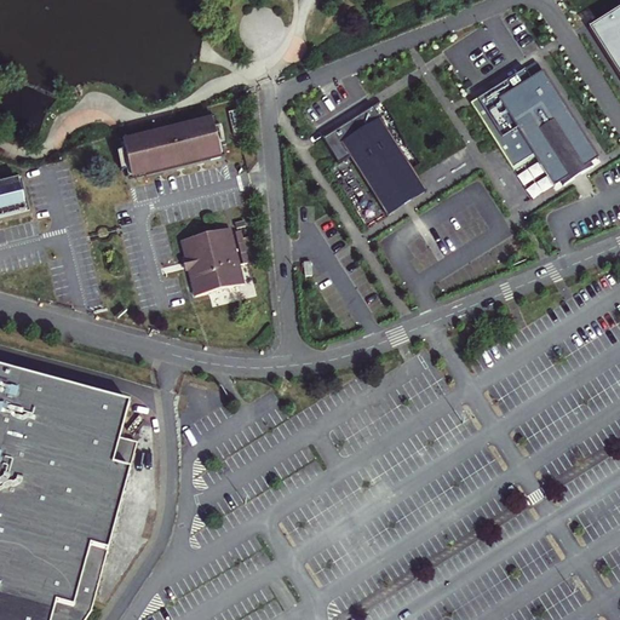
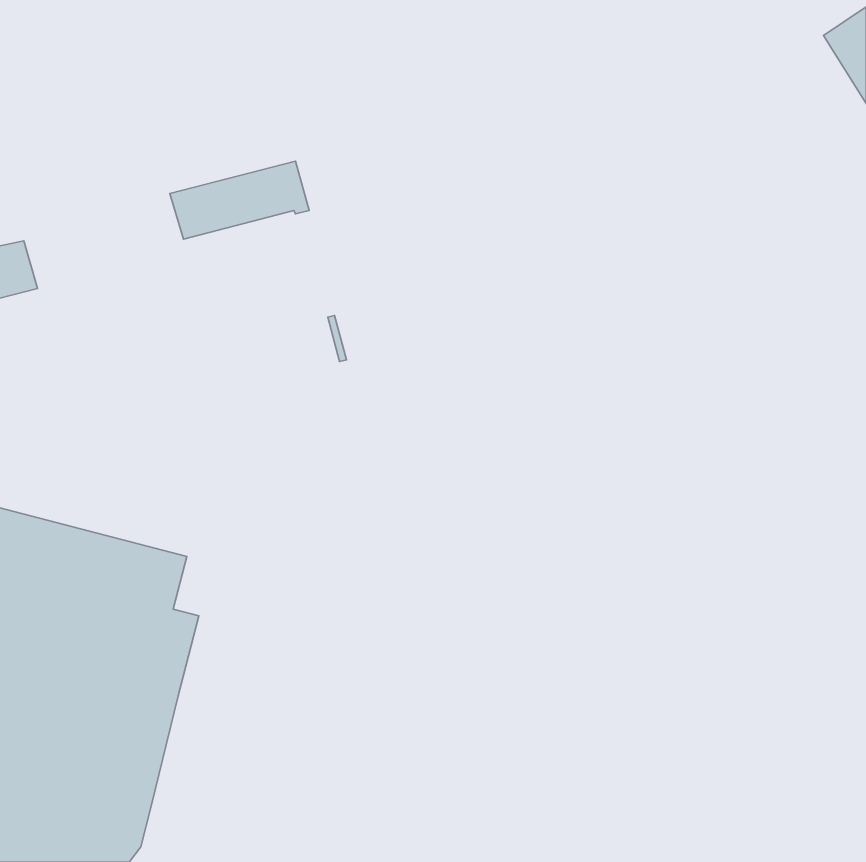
building: [470,68,598,186] -> none
building: [320,104,424,214] -> none
building: [180,223,242,291] -> none

